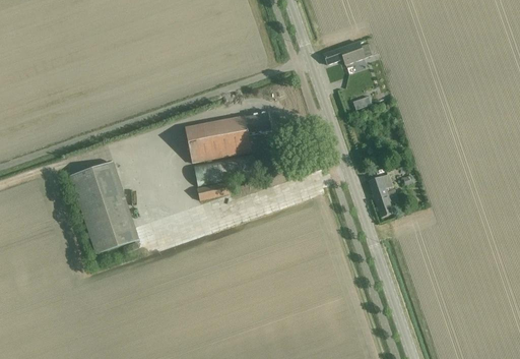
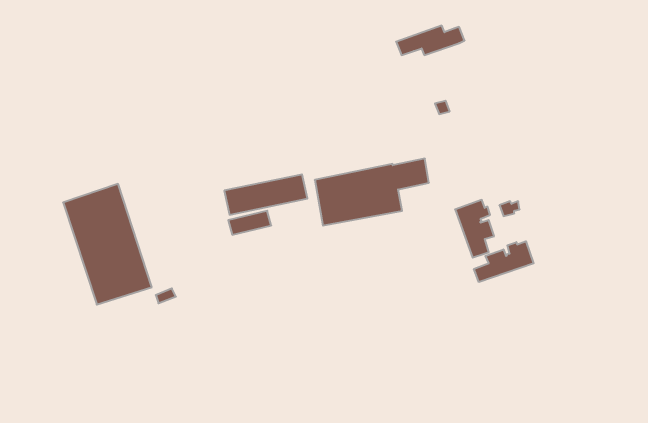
building: [185,111,271,162] -> [315,159,429,226]
building: none -> [474,241,534,282]

